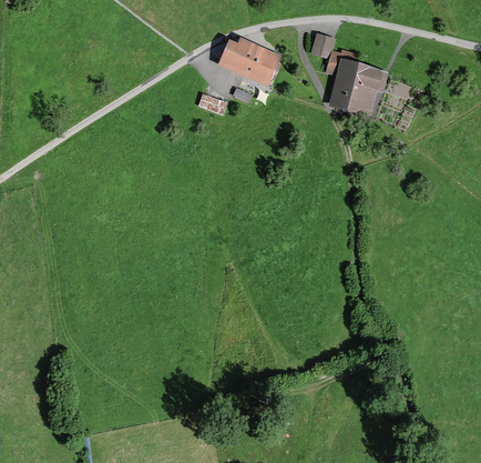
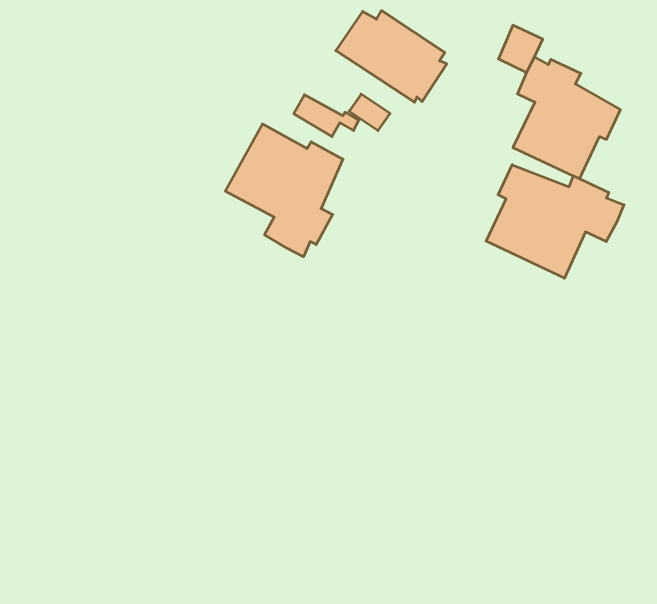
building: none -> [225,124,343,257]
building: none -> [486,165,624,278]

